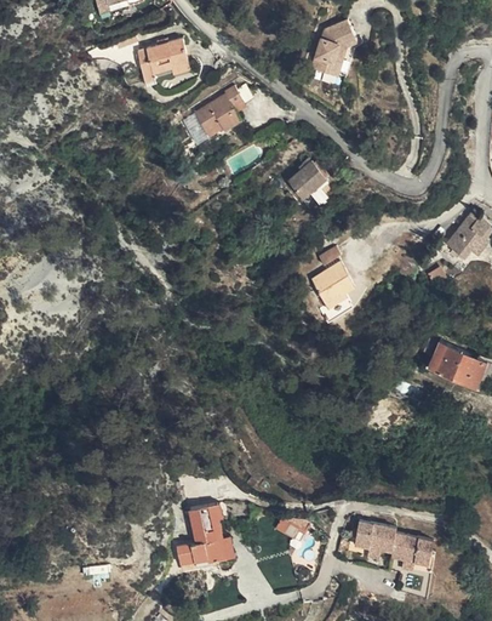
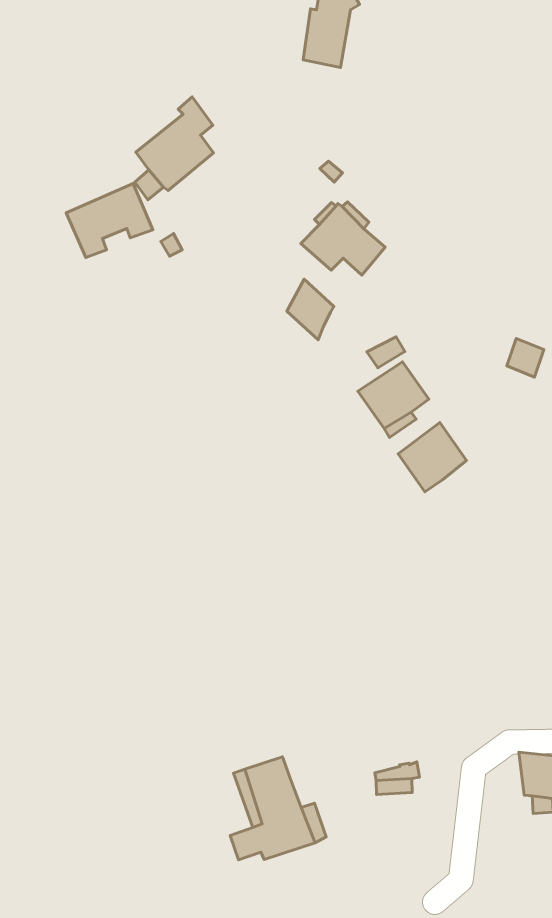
building: [139,42,190,82] -> [66,184,153,257]
building: none -> [287,279,334,340]
building: none -> [398,423,466,492]

